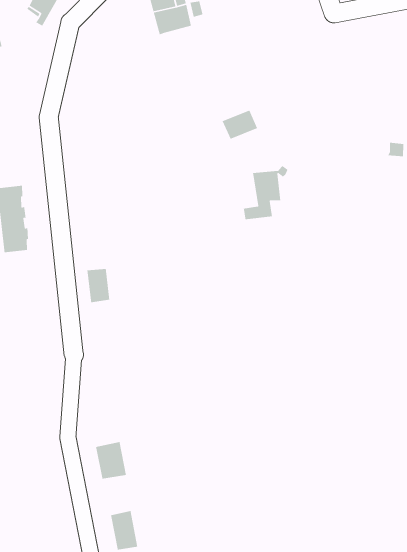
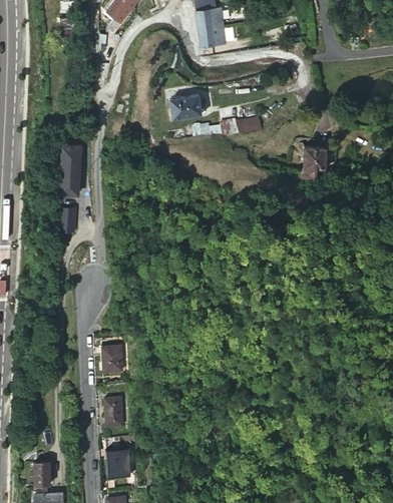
building: none -> [168,94,202,121]
building: [243,165,288,220] -> [292,146,330,183]
building: [87,268,110,303] -> [60,206,76,231]

